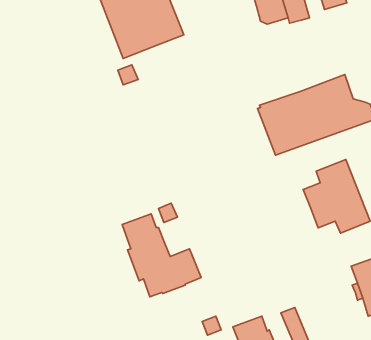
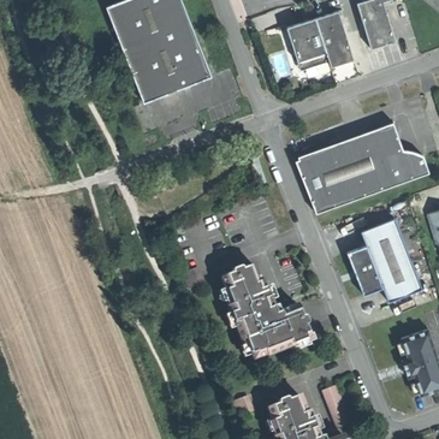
building: [122,214,201,297] -> [221,266,310,360]

